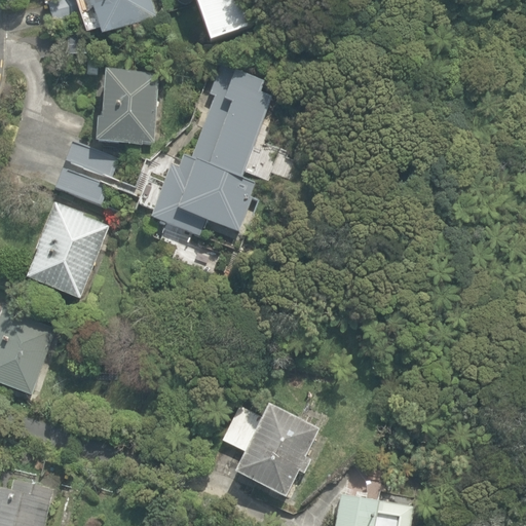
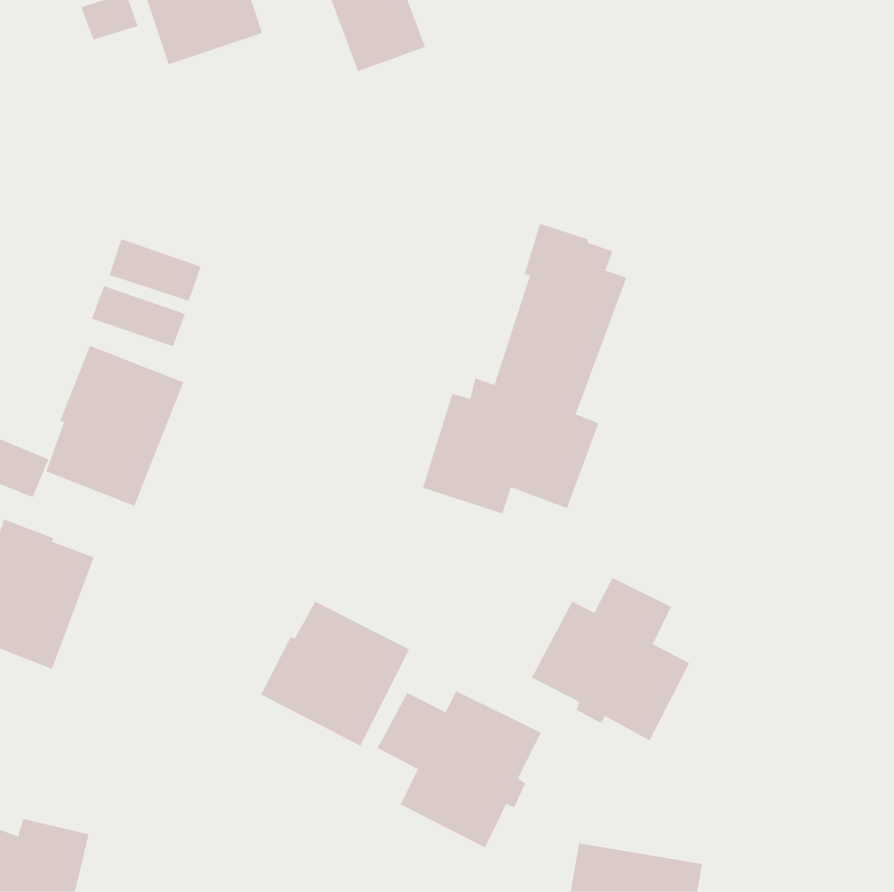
building: [151,64,271,234] -> [422,223,627,514]
building: [96,69,157,145] -> none
building: none -> [531,577,690,741]
building: none -> [260,601,410,746]

